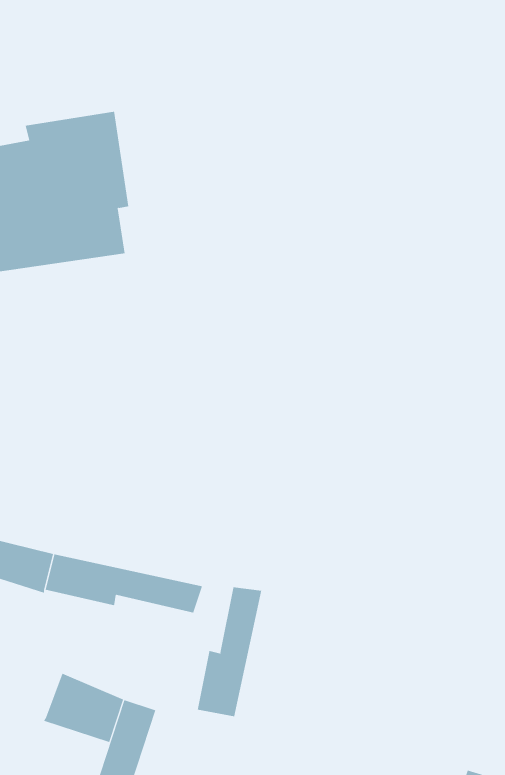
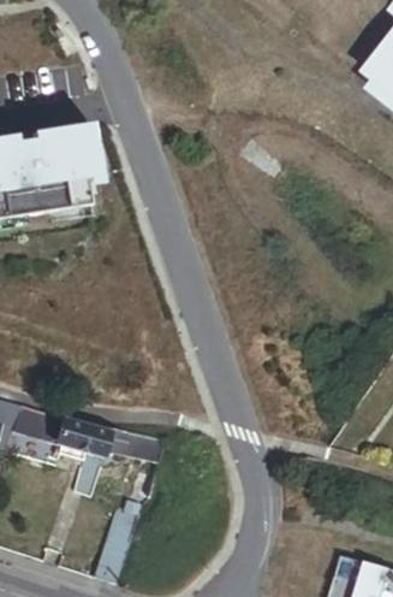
building: [197,587,262,717] -> none
building: [43,673,124,743] -> none

